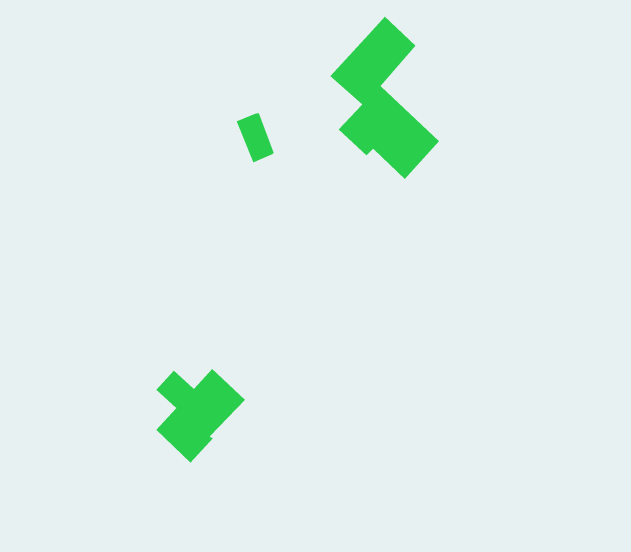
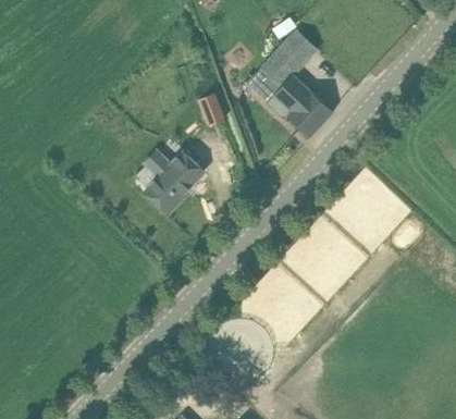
building: [155,368,246,463] -> [145,150,204,212]

